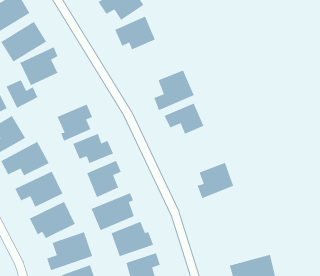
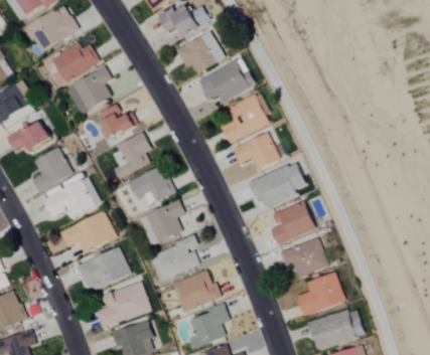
building: none -> [199,60,251,100]
building: [5,79,39,109] -> [98,105,136,139]
building: none -> [250,164,306,206]
building: none -> [280,238,328,278]
building: none -> [296,273,344,316]

